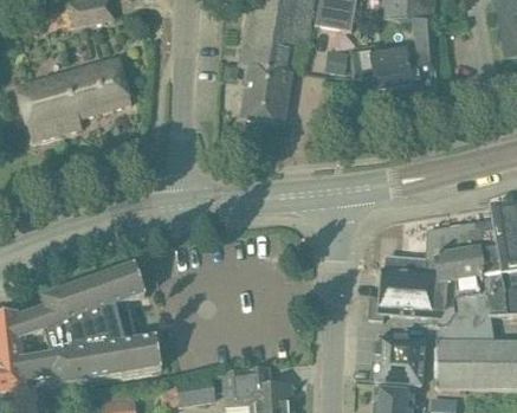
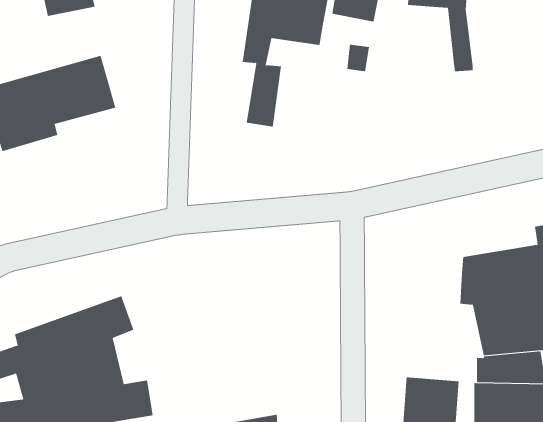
building: [349,41,412,90] -> none
building: [259,45,305,124] -> none
building: [368,269,445,321] -> none

